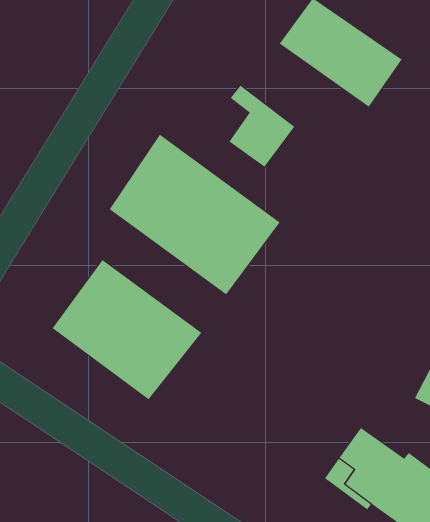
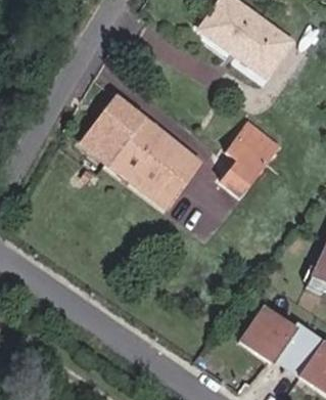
building: [228,85,295,168] -> [228,134,275,192]
building: [52,259,202,400] -> none

